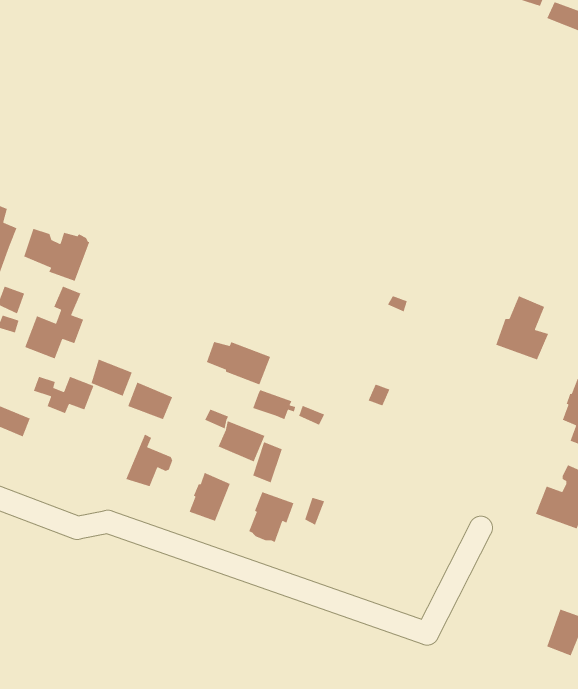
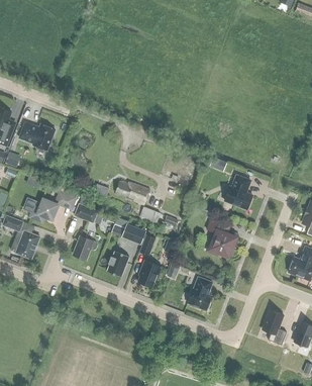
building: [24,286,84,359] -> none
building: [495,295,549,360] -> [224,174,252,208]
building: none -> [206,218,235,256]
building: none -> [15,229,39,258]
building: none -> [187,276,212,309]
building: none -> [262,309,287,345]

